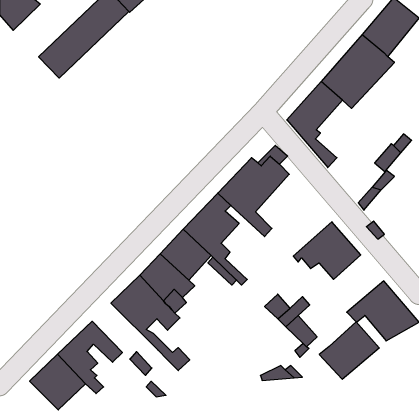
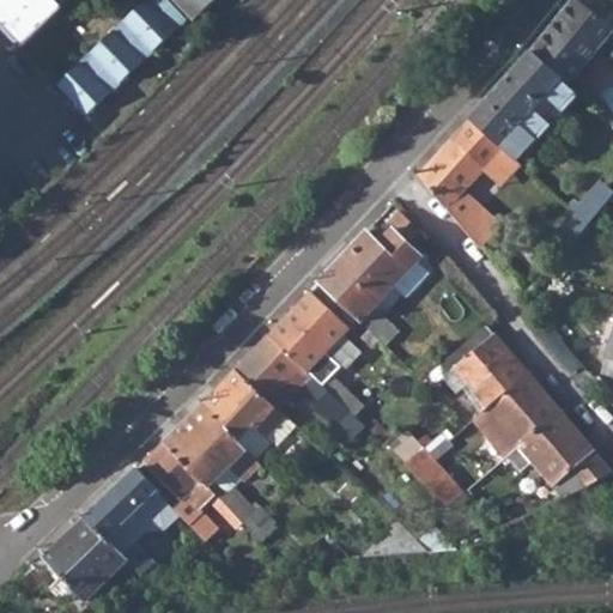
building: none -> [141,442,230,516]
building: [319,322,379,379] -> [472,371,559,455]

